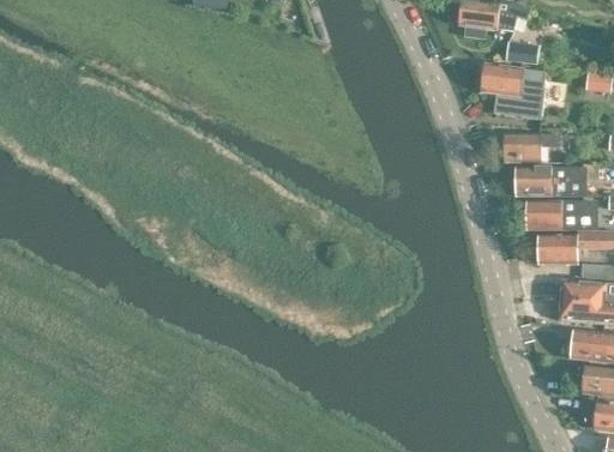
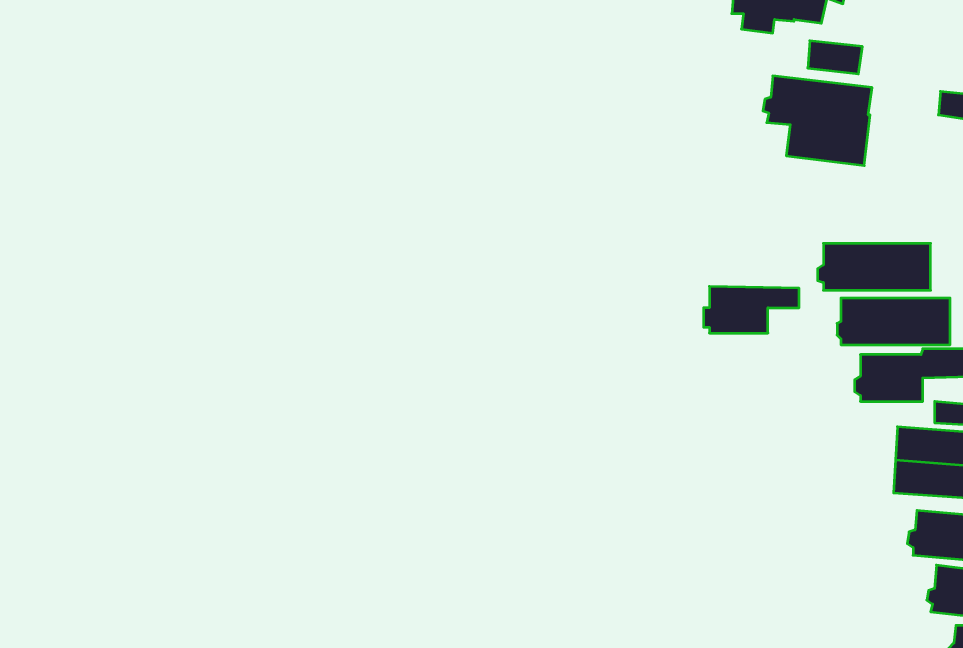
building: [501,133,560,162] -> [704,286,799,333]

